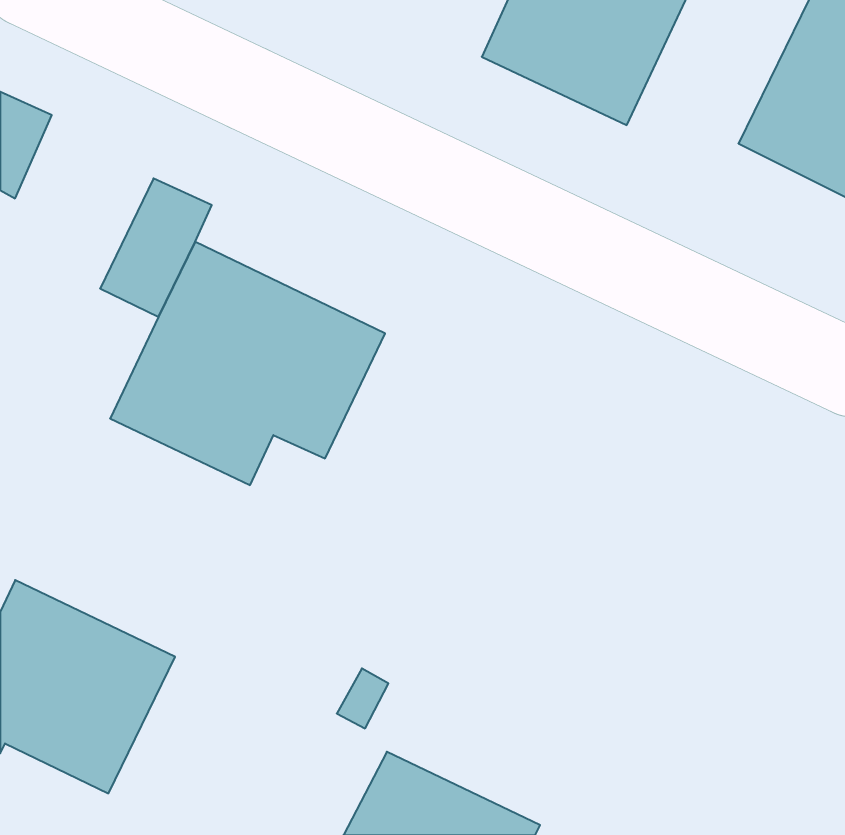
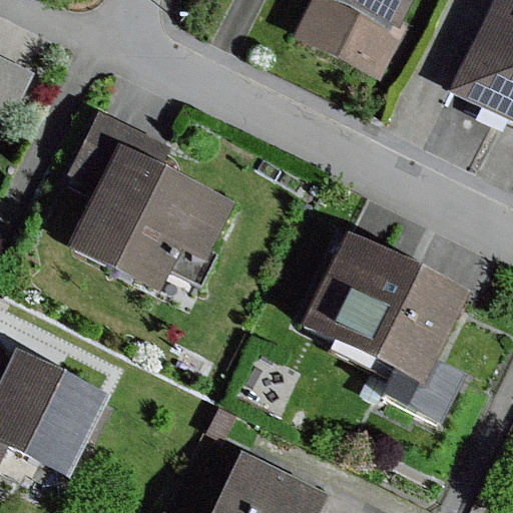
building: none -> [302,237,464,421]

